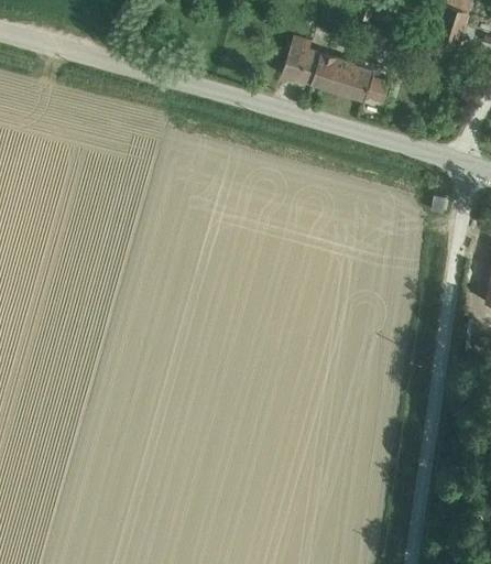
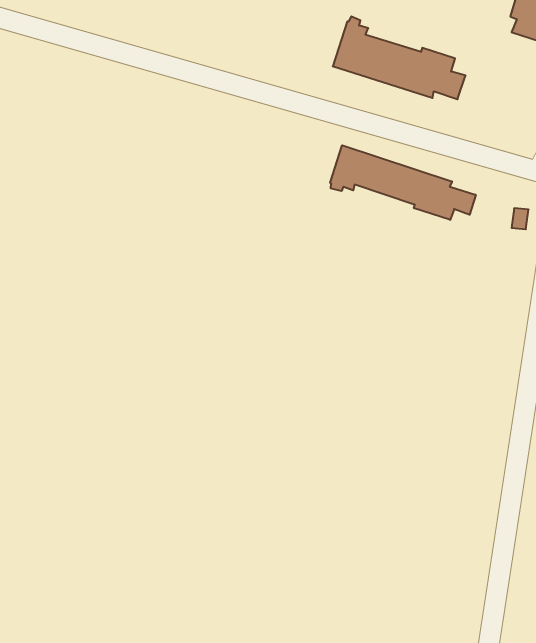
building: none -> [330,145,476,220]

